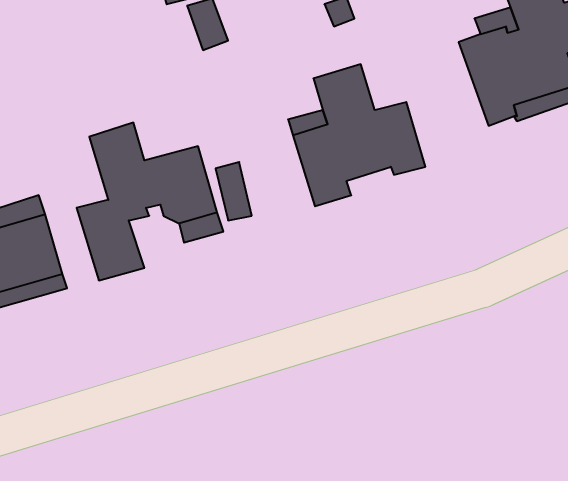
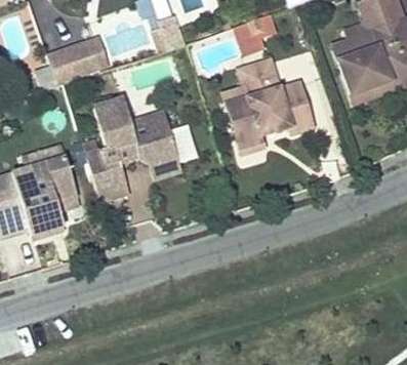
building: none -> [49,39,109,83]

